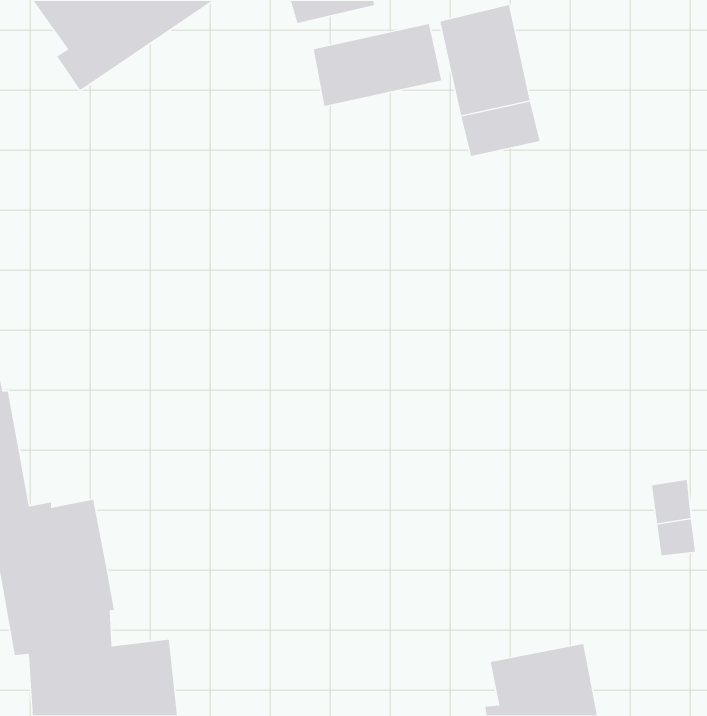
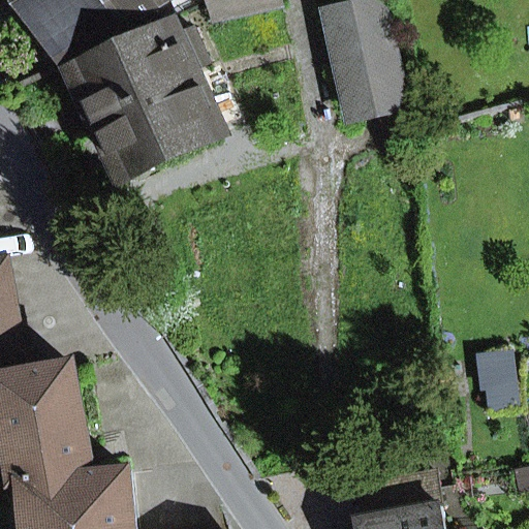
building: [313,23,442,107] -> none
building: none -> [71,22,214,173]

